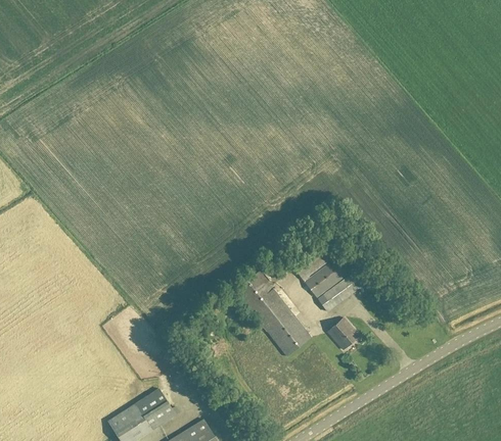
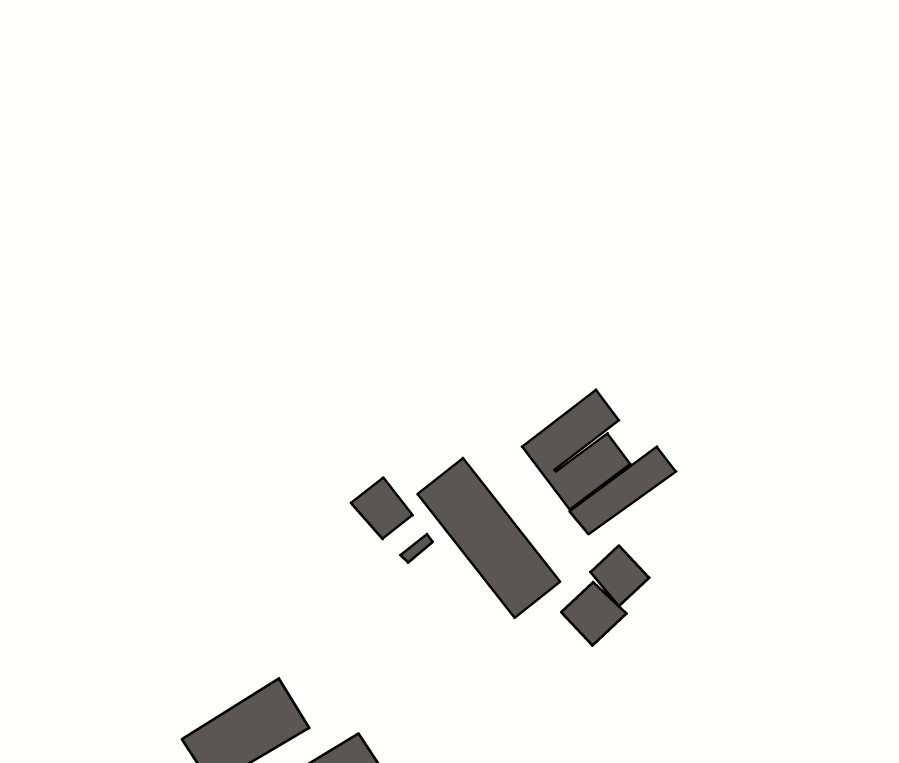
building: none -> [351,478,413,539]
building: none -> [561,582,627,646]

